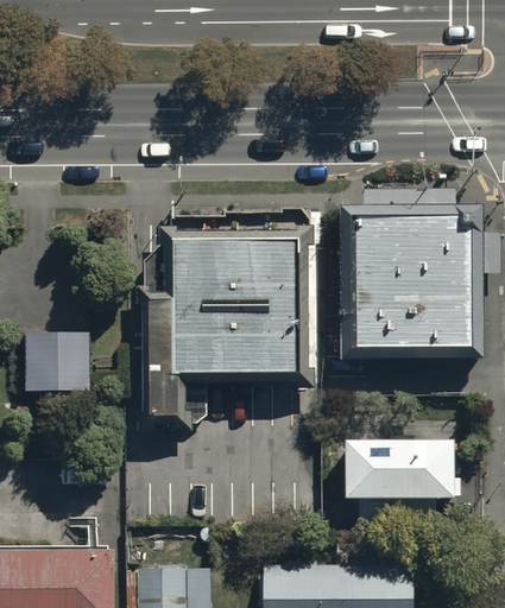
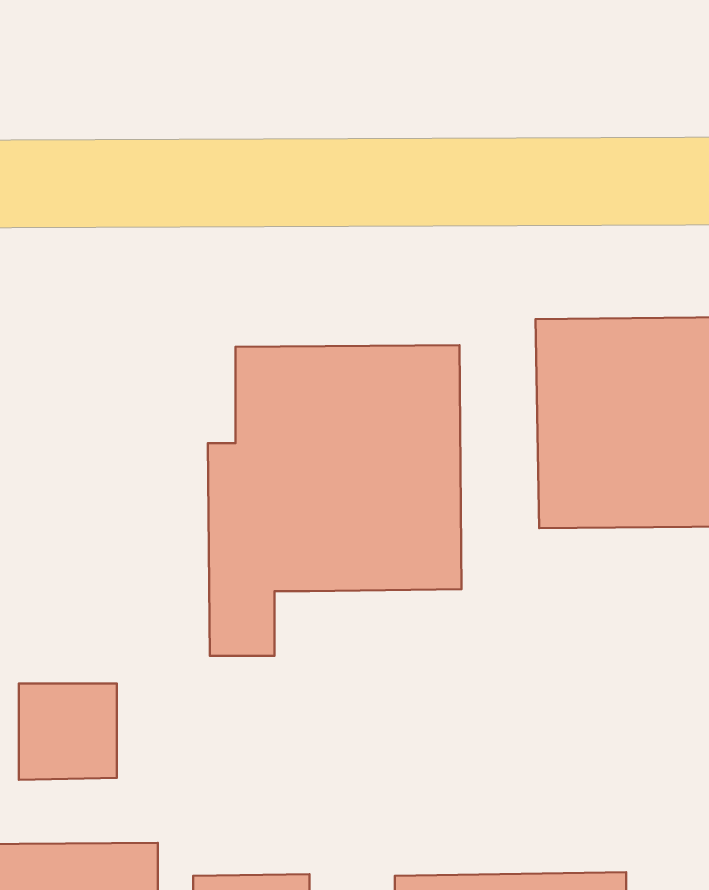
building: [24,331,87,393] -> [19,684,117,780]
building: [347,436,459,499] -> none

